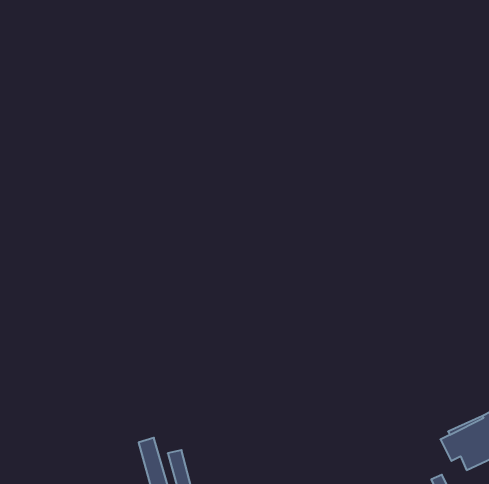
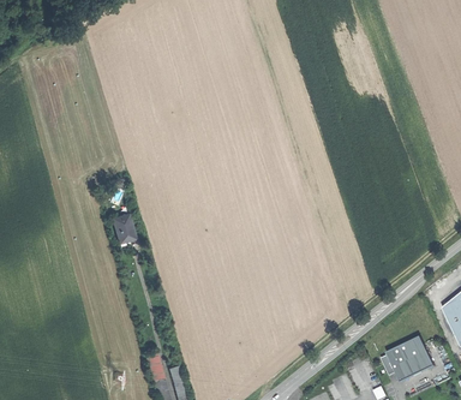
building: none -> [109,213,134,244]

